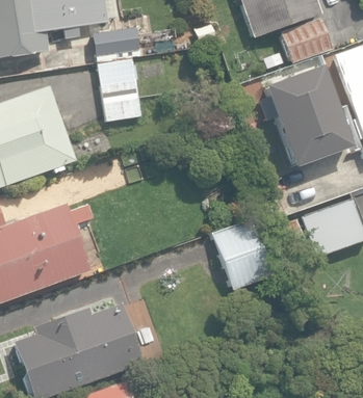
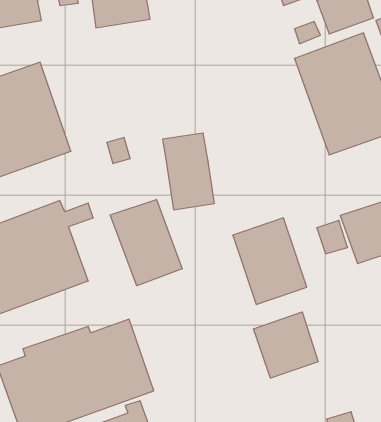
building: [99,56,142,121] -> [163,133,214,210]
building: none -> [110,199,182,286]
building: none -> [254,312,318,378]

